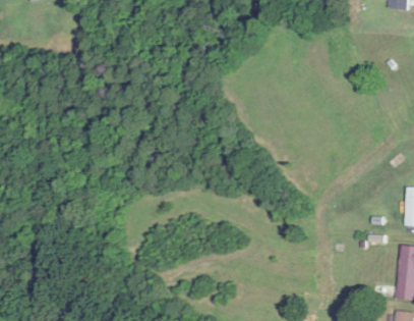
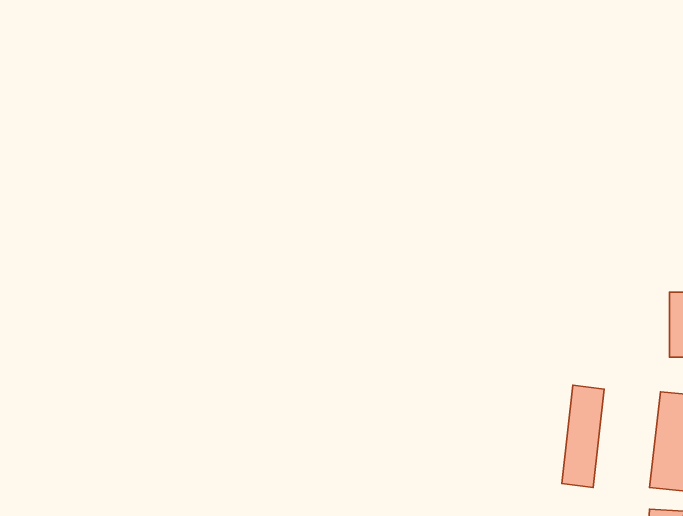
building: none -> [562,385,604,487]

